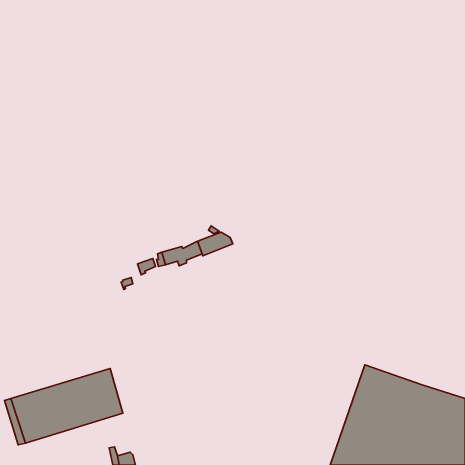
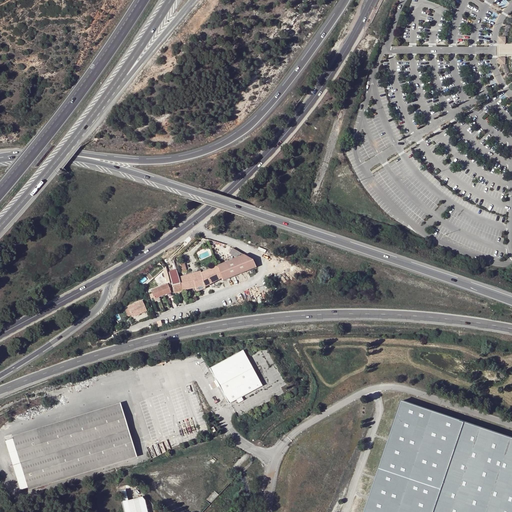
building: none -> [210,348,263,402]

